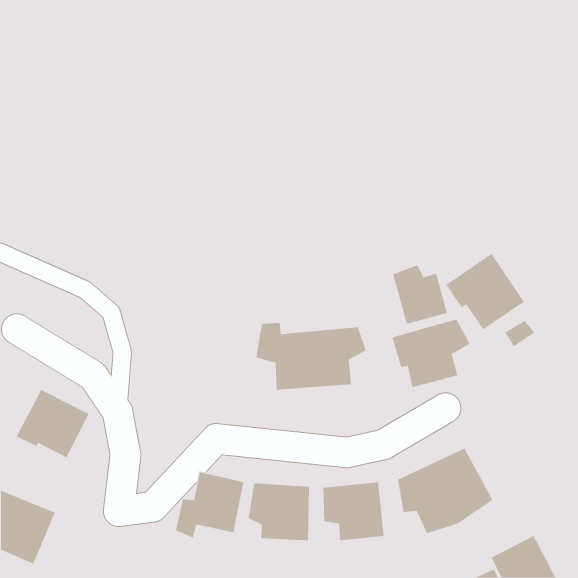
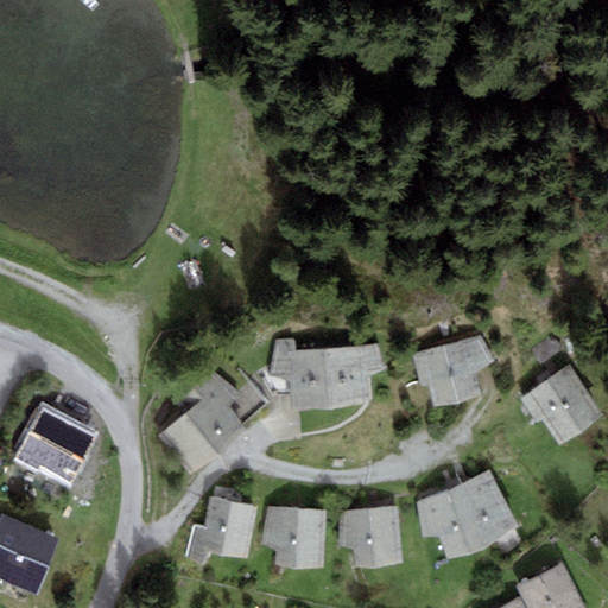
building: [446,253,525,330] -> [519,365,602,445]
building: [392,265,448,325] -> none
building: none -> [157,369,246,476]

